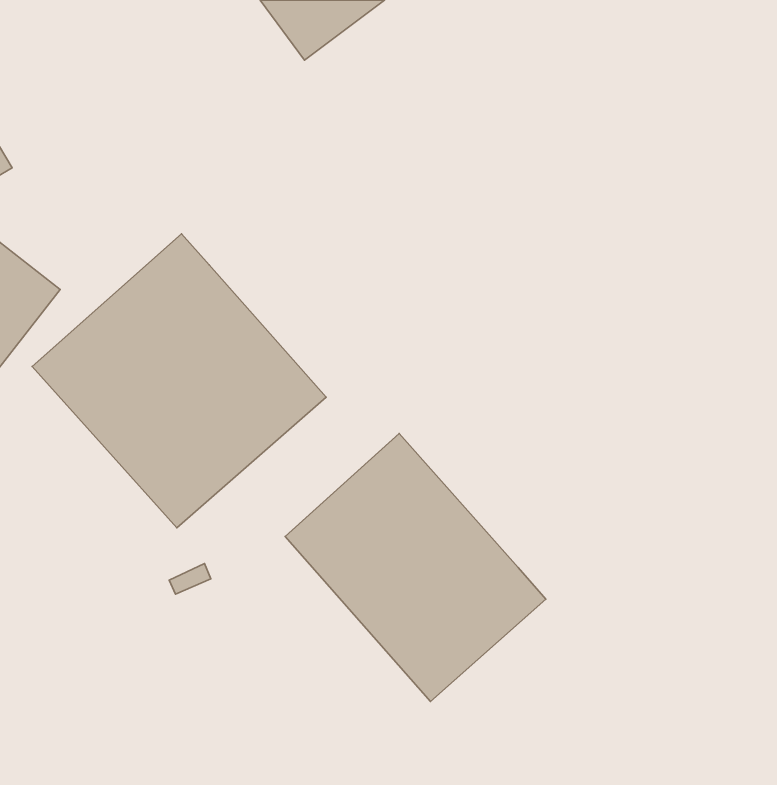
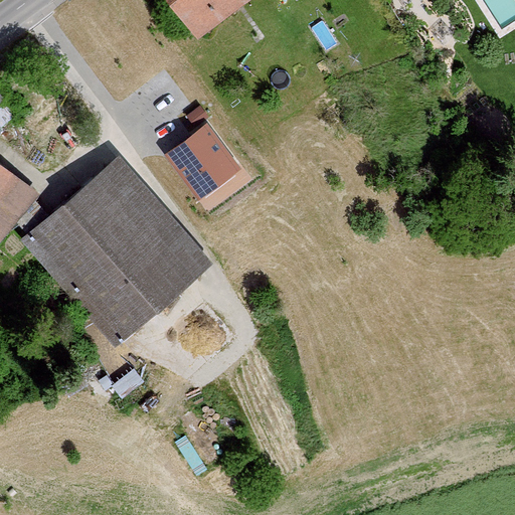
building: none -> [162,129,231,198]
building: [285,434,546,702] -> none

